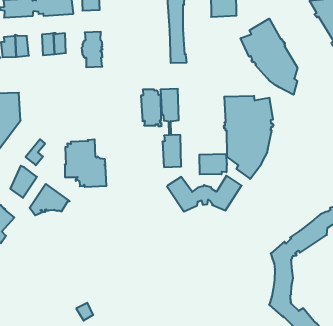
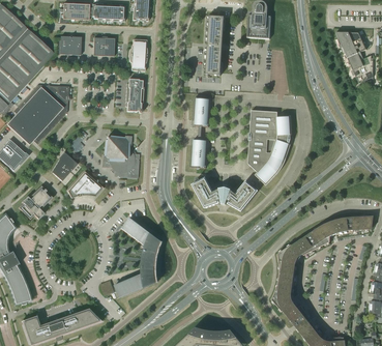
building: [241,19,297,95] -> none
building: [141,90,162,126] -> [125,79,144,113]
building: [199,154,227,174] -> none
building: none -> [114,218,161,297]

